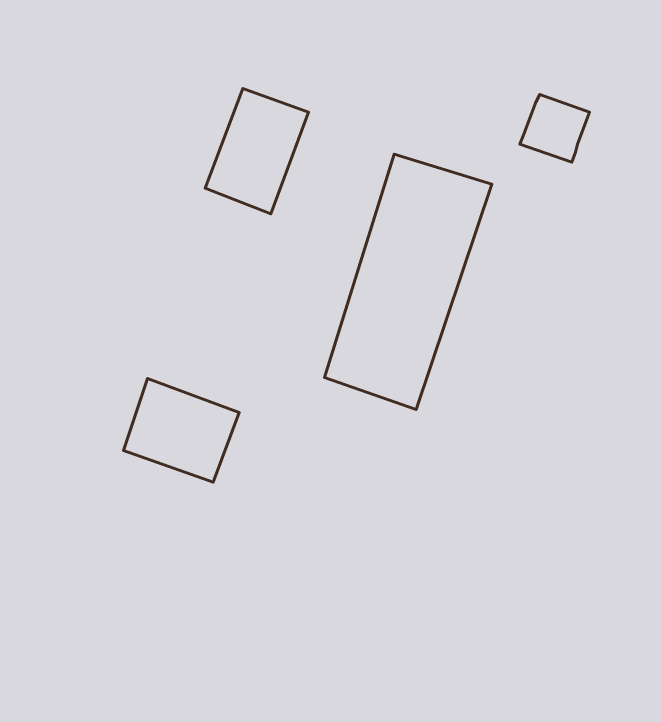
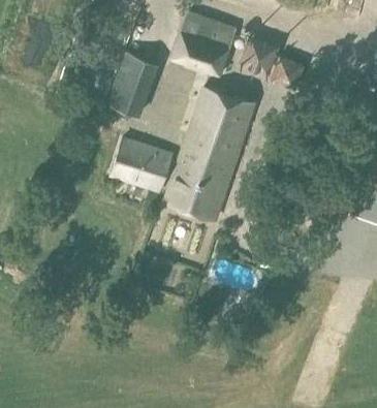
building: none -> [174,9,239,73]
building: [124,379,239,482] -> [113,136,172,190]

